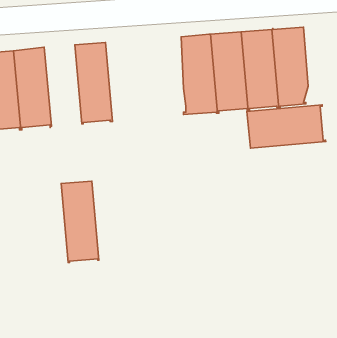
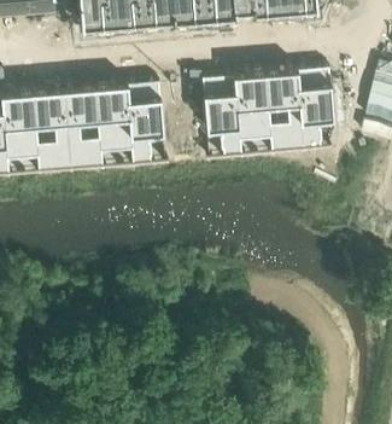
building: none -> [125,82,168,165]
building: [247,105,326,148] -> none
building: [61,181,99,262] -> [63,87,101,170]

